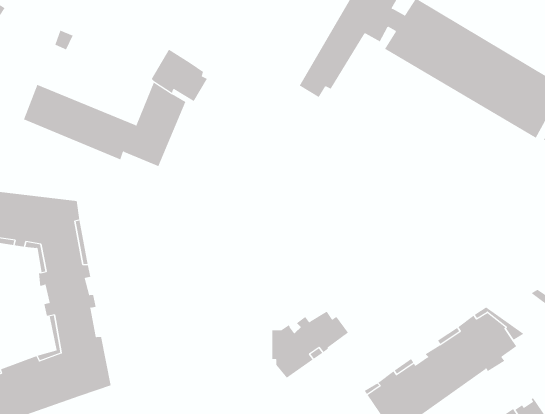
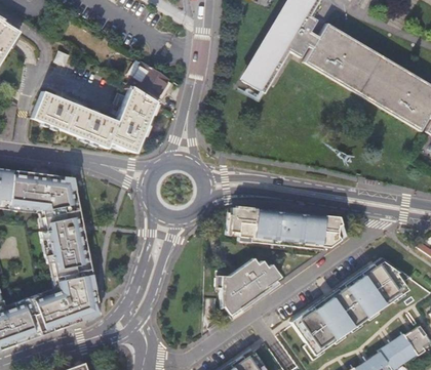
building: none -> [230,206,340,247]

